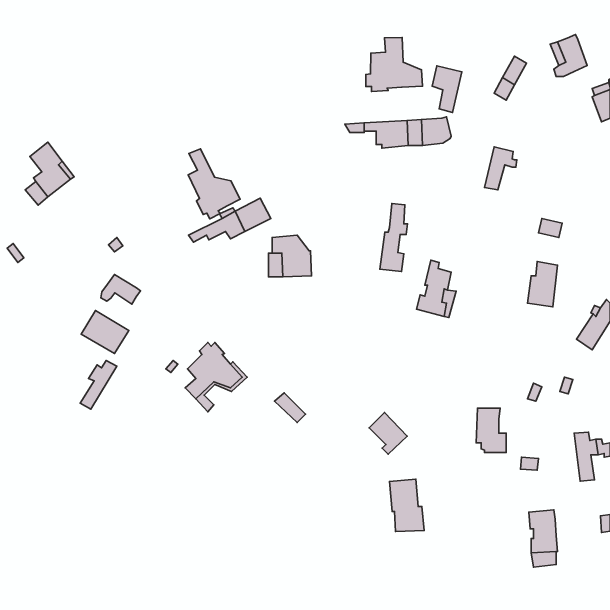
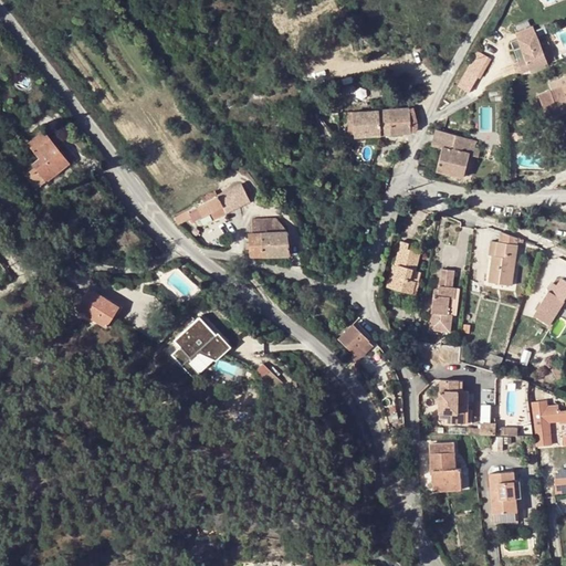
building: [366,38,423,92] -> none
building: [432,66,462,113] -> [430,130,458,174]
building: [188,149,240,219] -> none
building: [380,204,407,272] -> [430,268,455,331]
building: [101,274,141,304] -> none
building: [80,360,117,409] -> none
building: [369,412,407,454] -> [339,325,375,364]
building: [390,479,424,532] -> [429,442,461,491]

